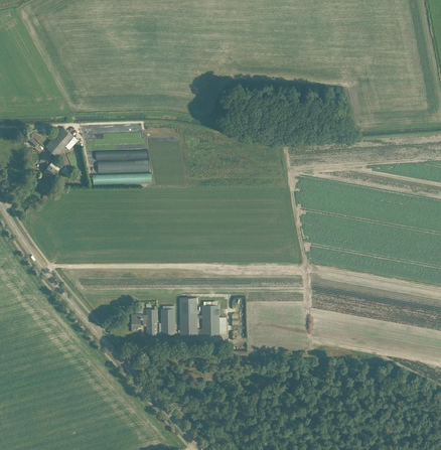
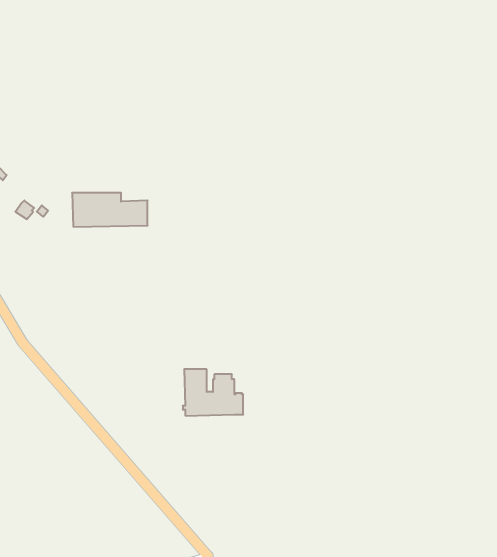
building: [45,127,75,156] -> none
building: [131,305,175,334] -> none

